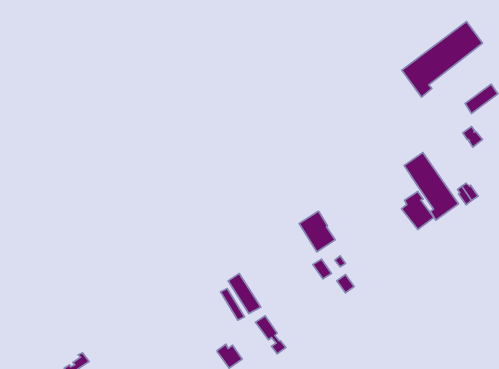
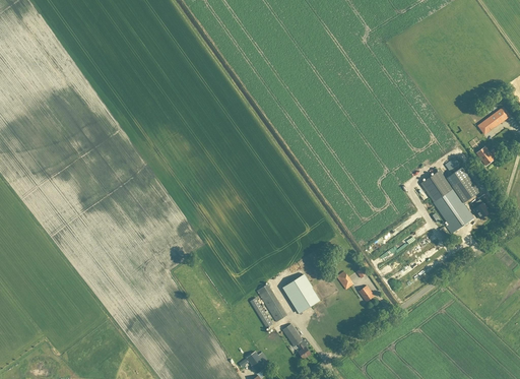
building: [402,21,483,97] -> none
building: [401,191,434,230] -> [448,167,478,202]
building: [299,212,335,252] -> [285,273,319,311]

